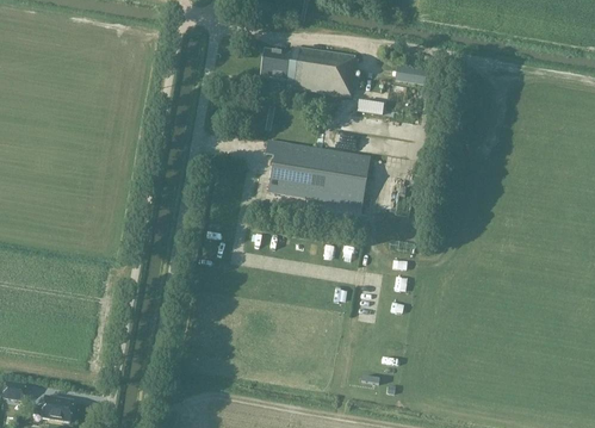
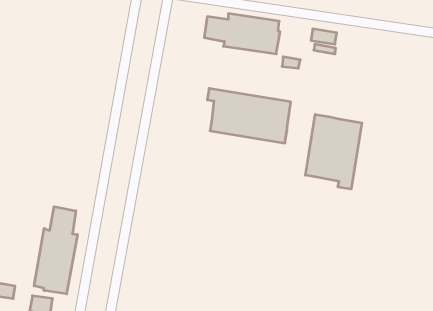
building: none -> [305,114,362,189]
building: none -> [34,207,77,294]

